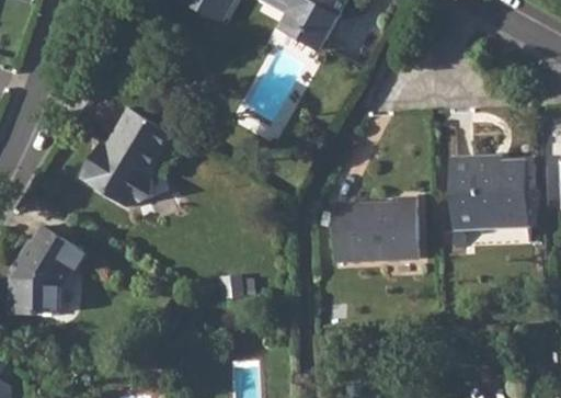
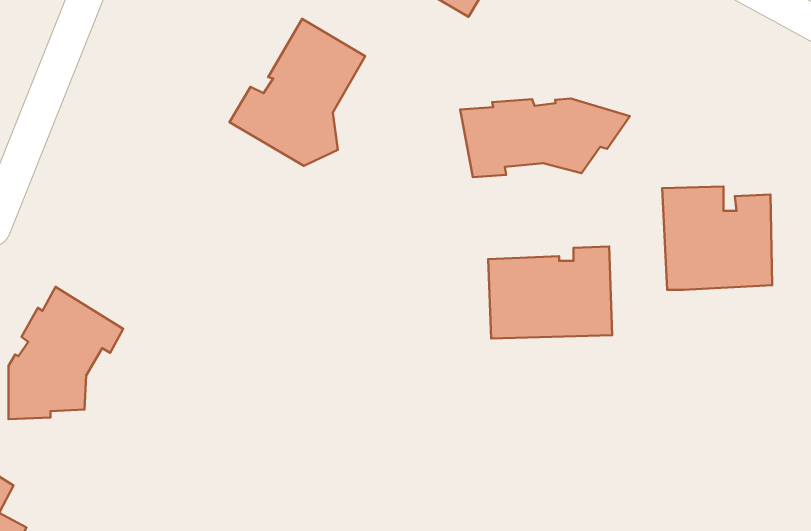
building: none -> [460,99,630,177]
building: [79,107,171,207] -> [230,19,365,166]

